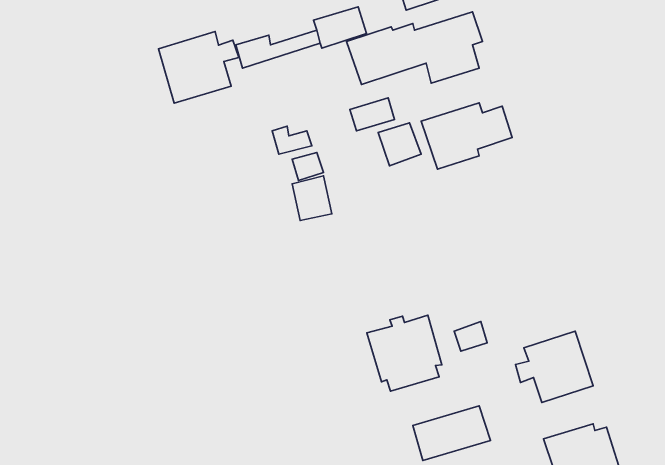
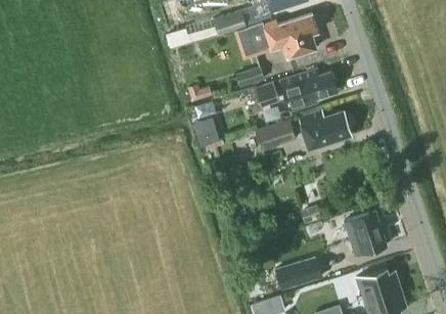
building: [158,32,239,103] -> none
building: none -> [297,110,350,149]
building: none -> [254,119,297,152]
building: [367,315,442,391] -> none

